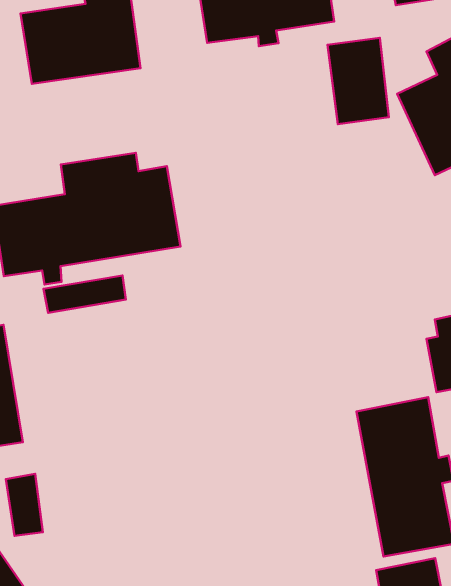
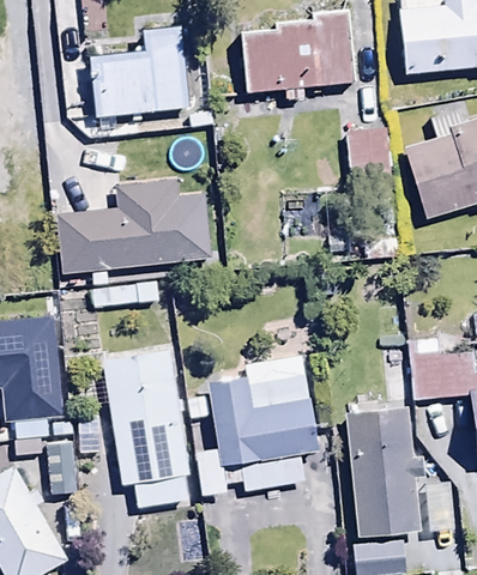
building: none -> [197,355,318,495]
building: none -> [104,349,192,504]

